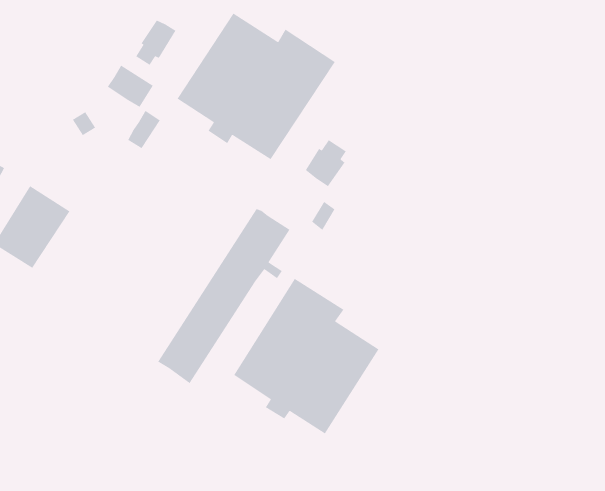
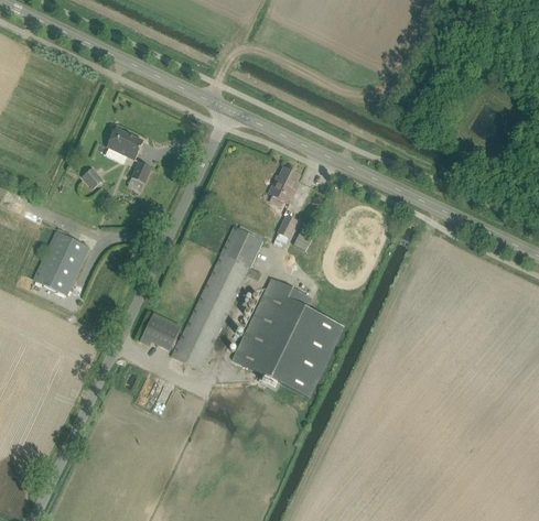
building: [176,12,336,160] -> none
building: [135,19,177,66] -> none
building: none -> [138,312,180,350]

